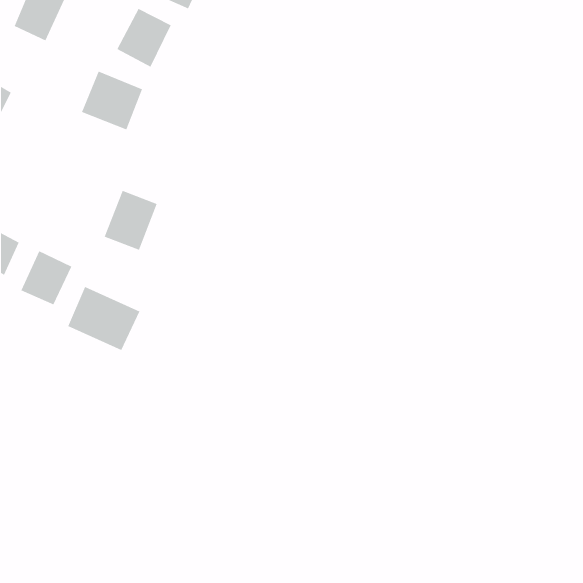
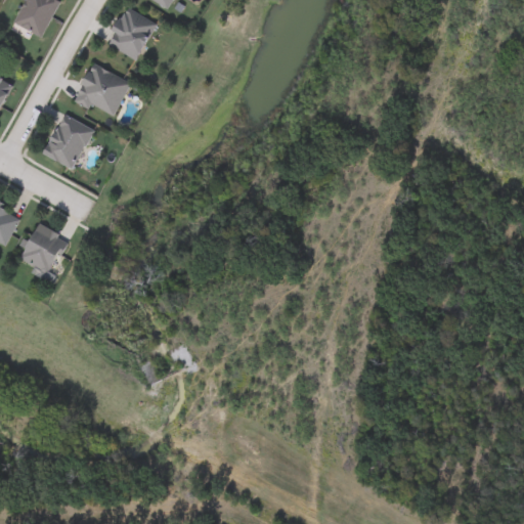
building: [104,190,158,251] -> [43,114,91,168]
building: [67,286,140,351] -> none

